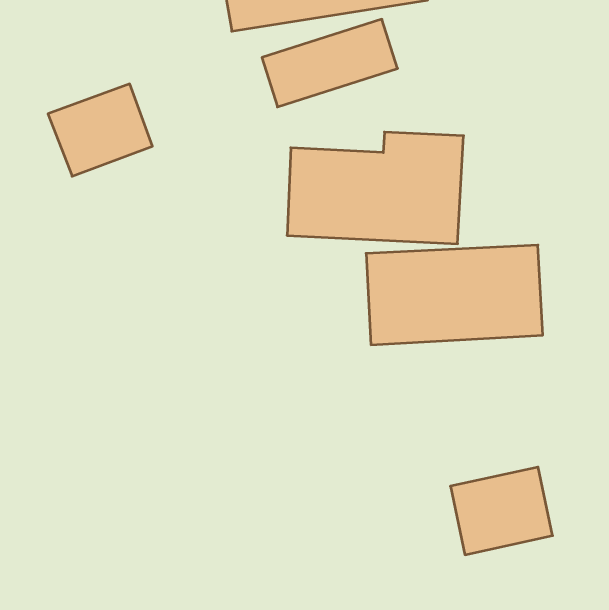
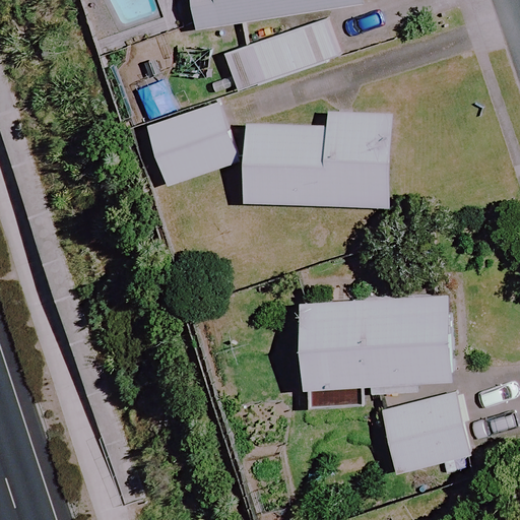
building: [48,84,152,176] -> [147,106,236,184]
building: [366,245,543,345] -> [304,301,453,385]

